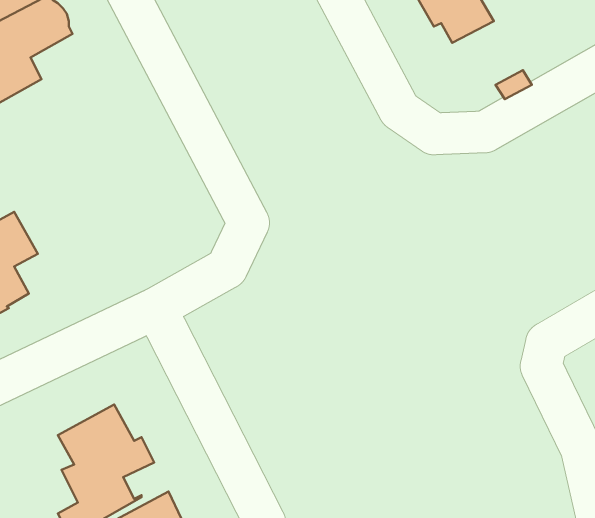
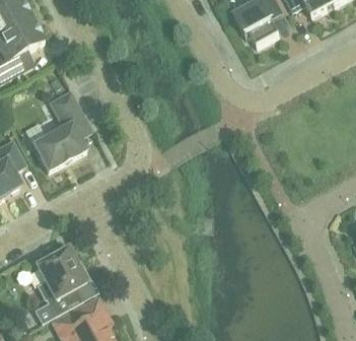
building: none -> [33,89,86,170]

